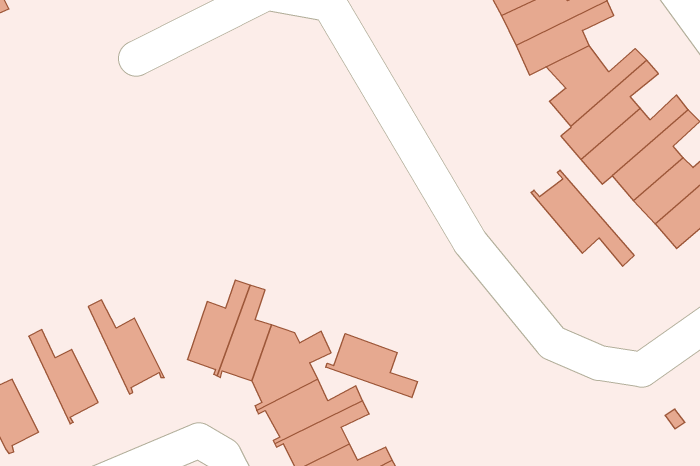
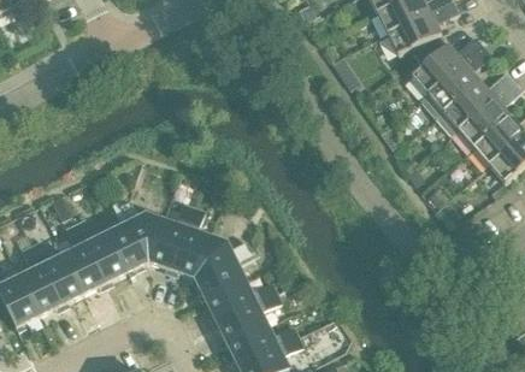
building: [531,170,634,266] -> none
building: none -> [108,202,161,276]
building: none -> [63,224,105,294]
building: [326,334,418,398] -> none
building: none -> [19,246,61,315]

